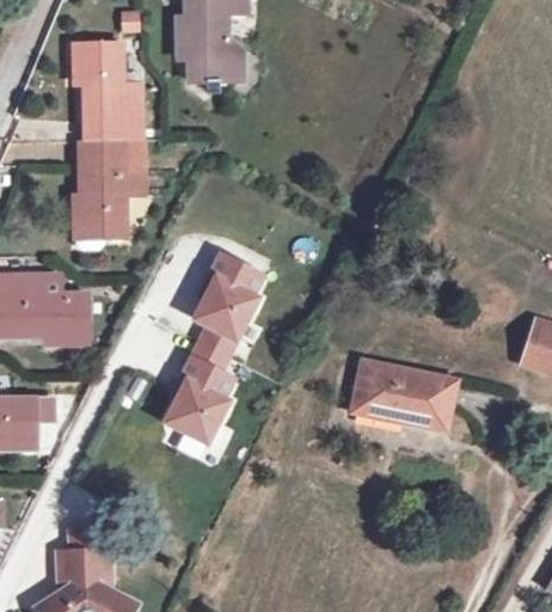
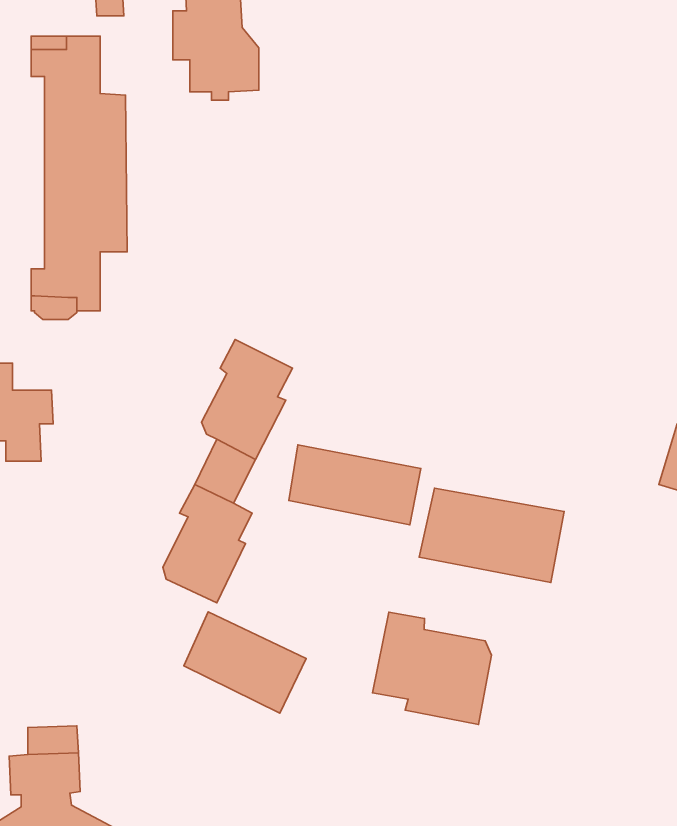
building: none -> [289,445,421,525]
building: none -> [184,612,306,713]
building: none -> [372,612,492,724]

